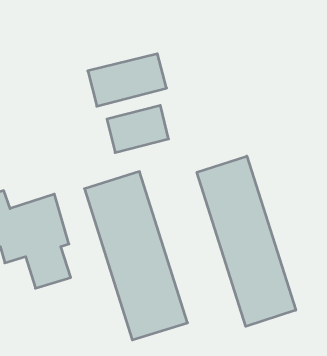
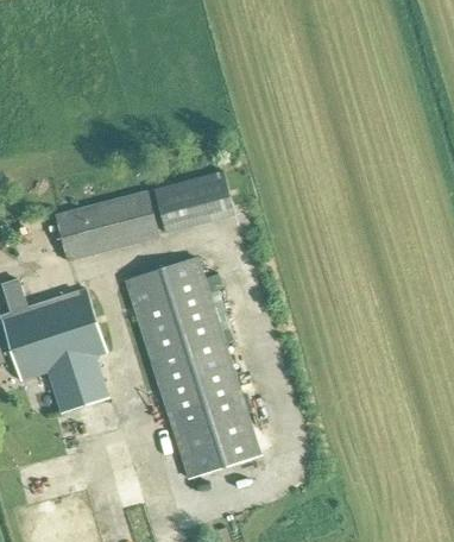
building: [88,54,167,106] -> [55,191,158,260]
building: [197,156,296,326] -> none

